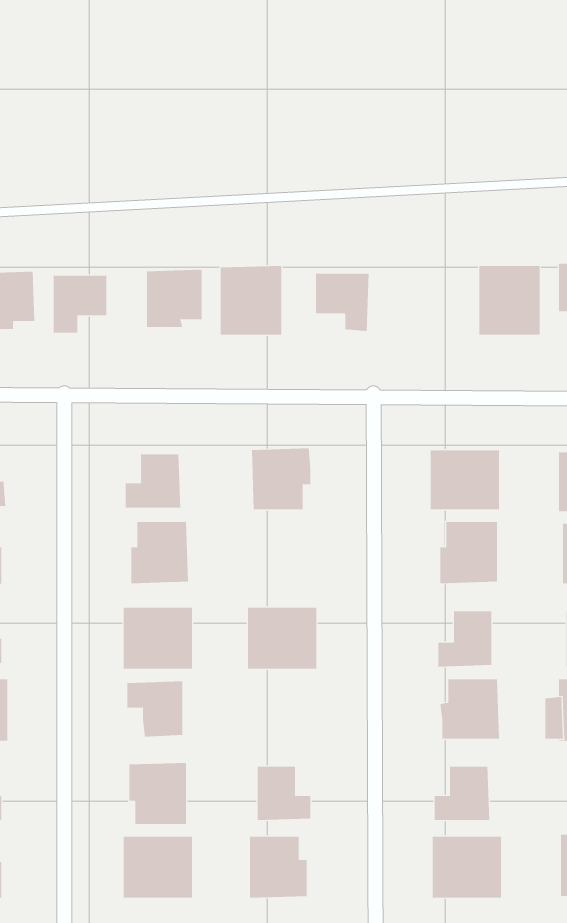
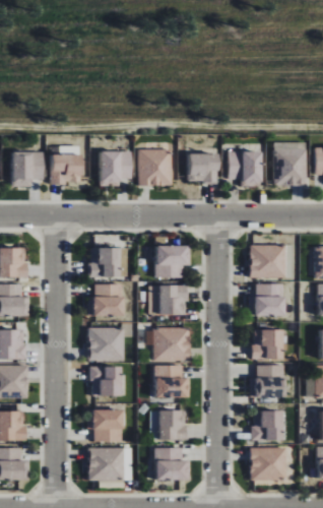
building: none -> [229,152,260,183]
building: none -> [158,285,187,315]
building: none -> [154,366,185,398]

